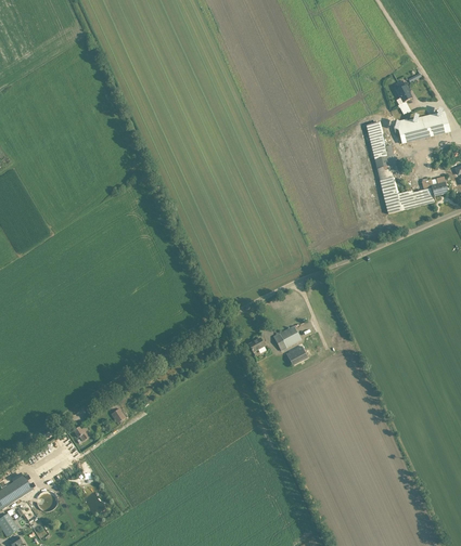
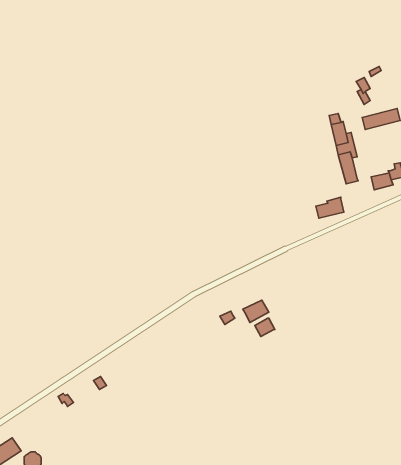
building: [384,190,414,212] -> [316,197,344,218]

